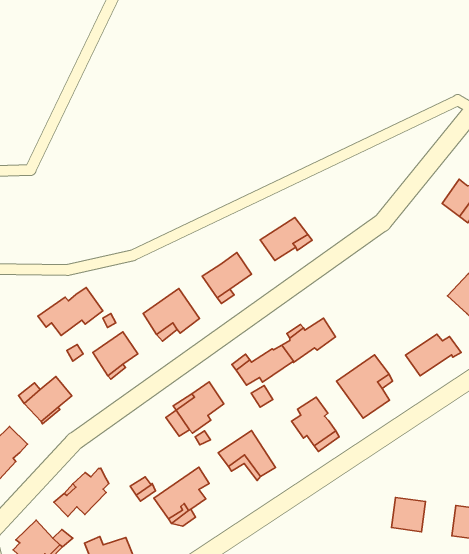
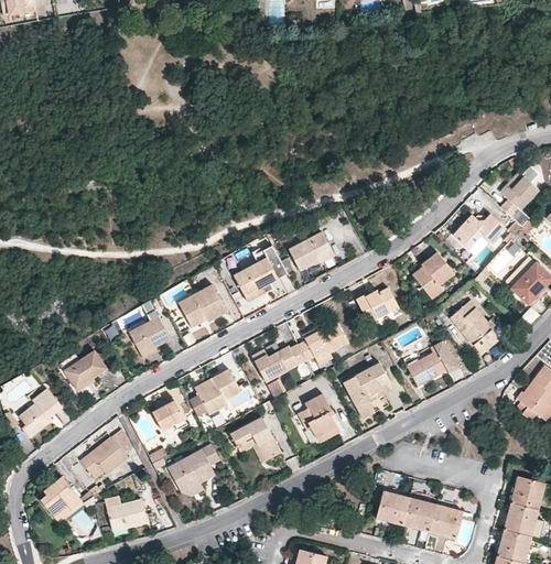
building: none -> [413,252,455,299]
building: none -> [356,286,399,324]
building: [38,287,103,336] -> none
building: none -> [152,399,186,440]
building: none -> [403,498,436,531]

